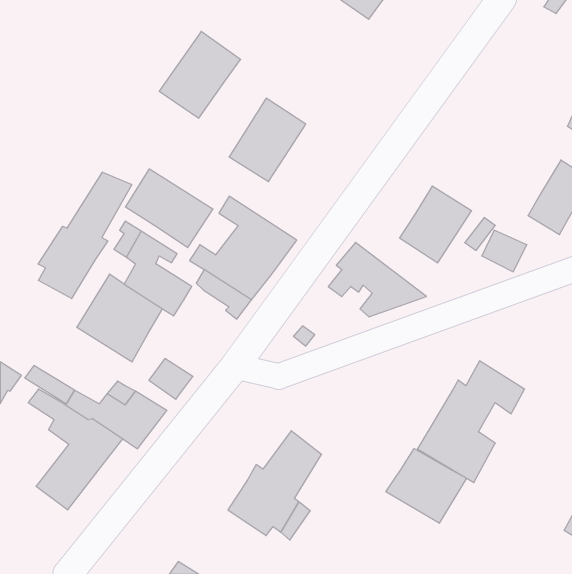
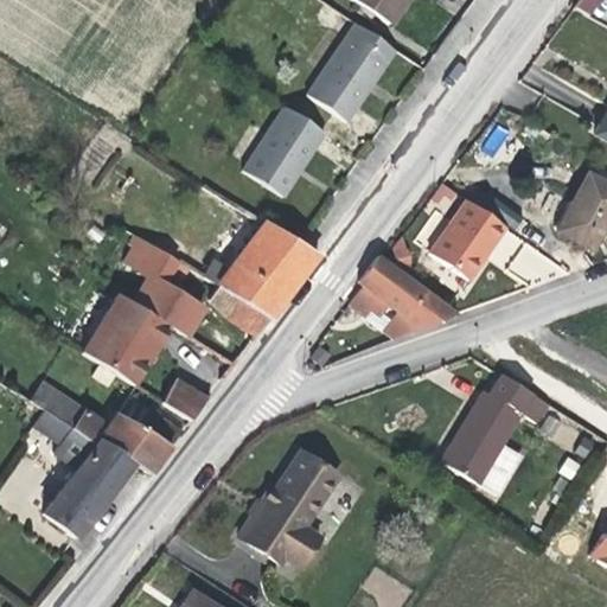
building: [159,31,241,118] -> [308,28,394,120]
building: [125,169,213,248] -> none
building: [38,172,132,299] -> none
building: [386,449,467,523] -> none

